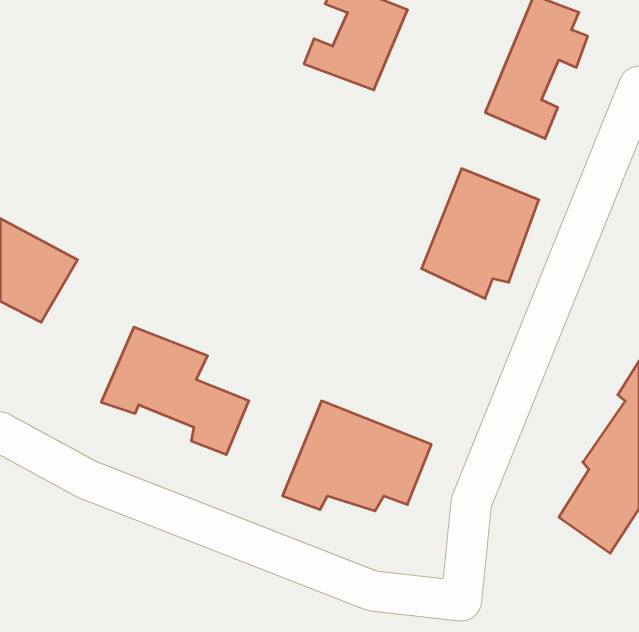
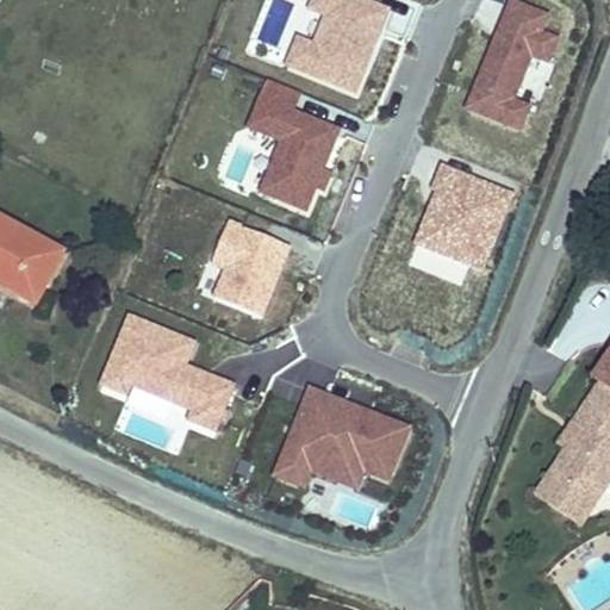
building: none -> [248,77,341,207]
building: none -> [205,217,291,318]

